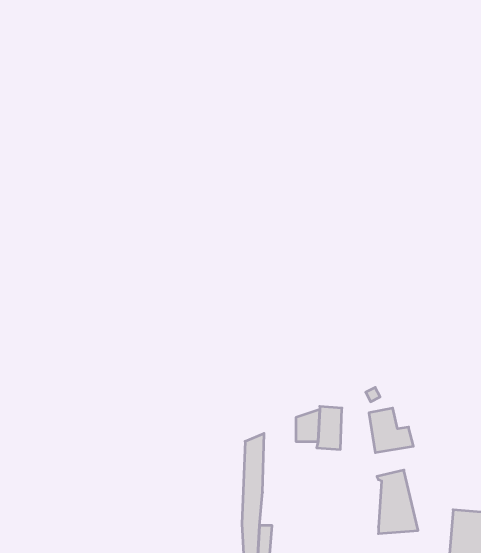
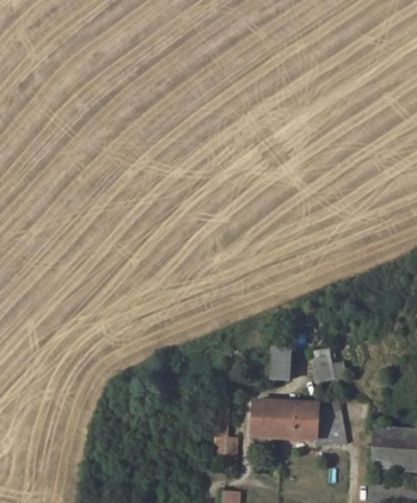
building: none -> [251,399,320,437]

